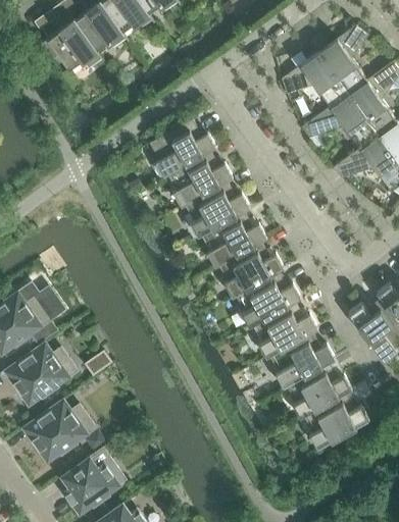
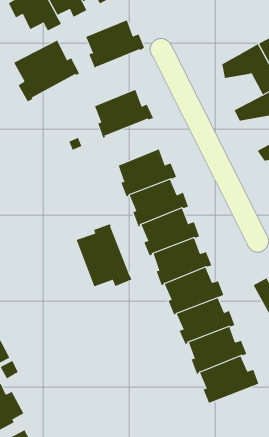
building: none -> [14,40,80,102]
building: [165,150,232,207] -> [85,20,145,68]
building: none -> [76,223,132,287]

